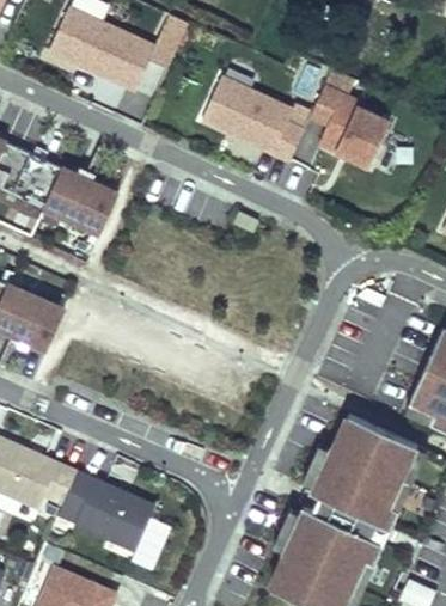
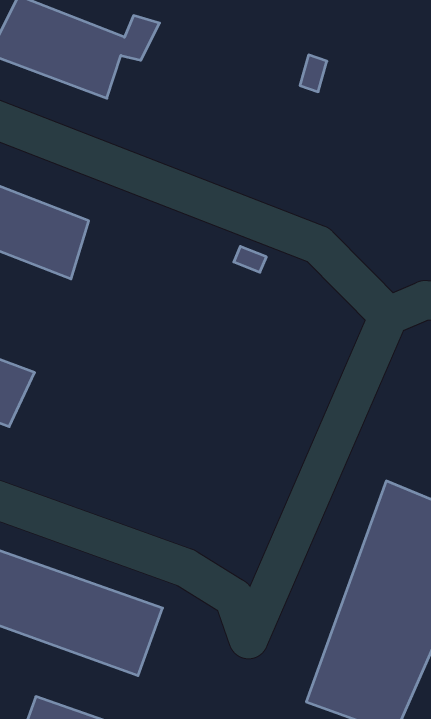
building: [312,73,391,171] -> none
building: [198,75,308,161] -> none

